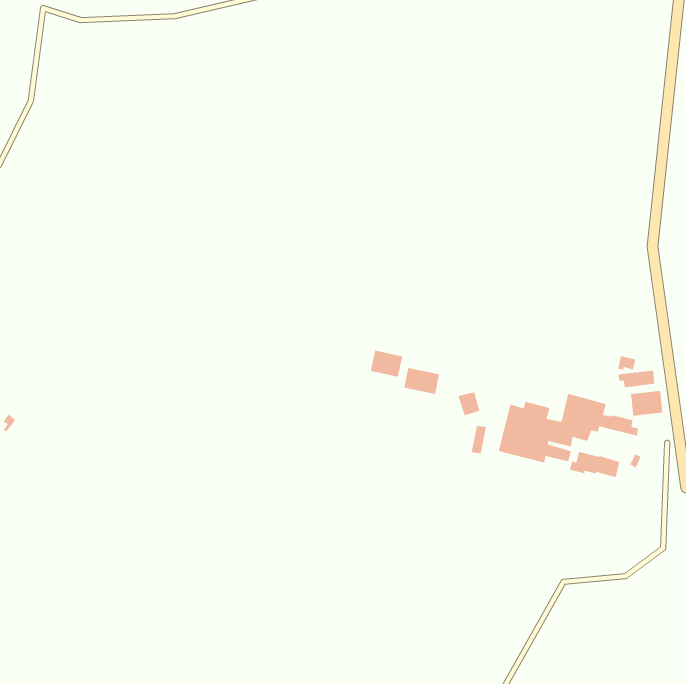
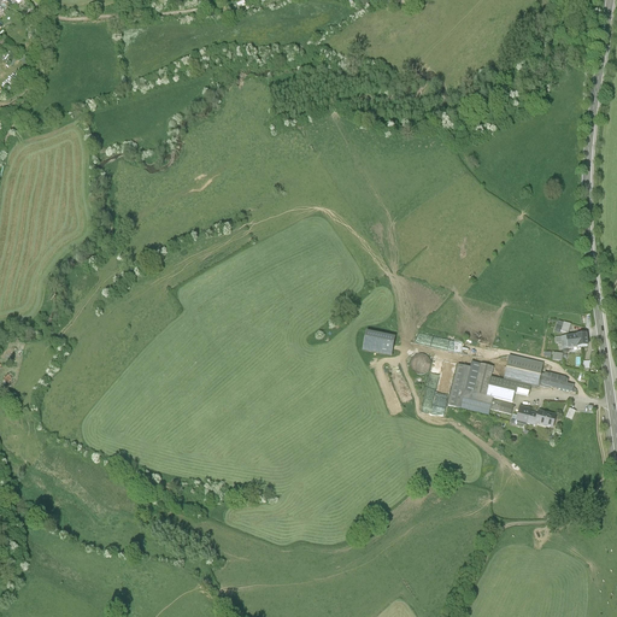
building: [370,350,403,377] -> none
building: [630,390,663,417] -> none

